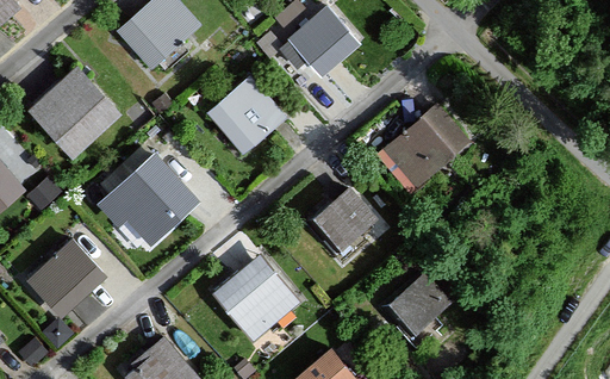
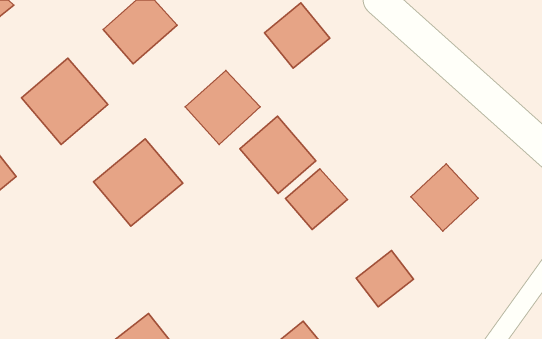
building: [385,113,458,186] -> [411,164,478,231]
building: none -> [240,116,316,193]
building: [27,242,104,318] -> none
building: [210,253,300,342] -> none

